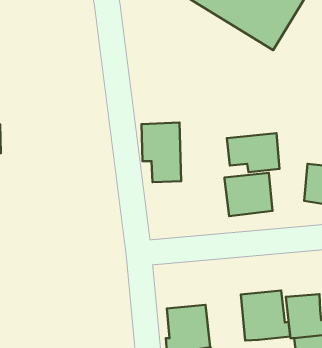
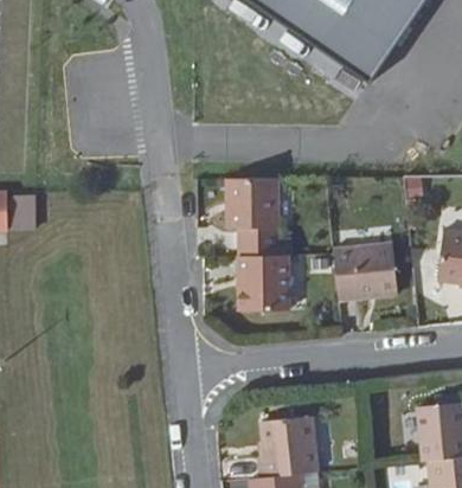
building: [227,133,280,172] -> none
building: none -> [224,255,275,312]
building: [241,290,290,341] -> none

